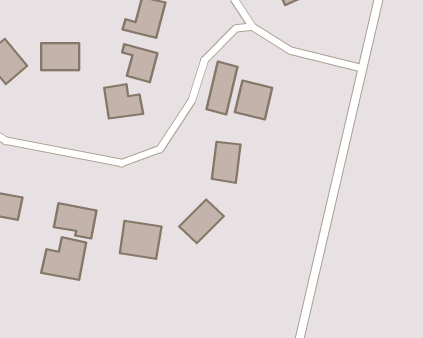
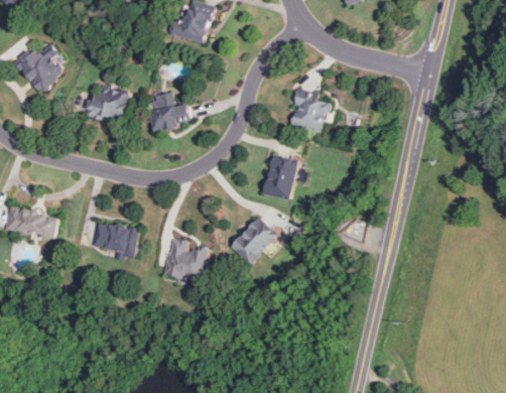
building: [41,43,79,70] -> [88,90,129,119]
building: [122,44,157,82] -> none
building: [206,61,237,115] -> none
building: [41,237,86,280] -> none

